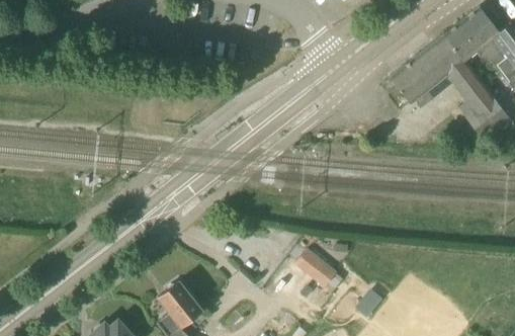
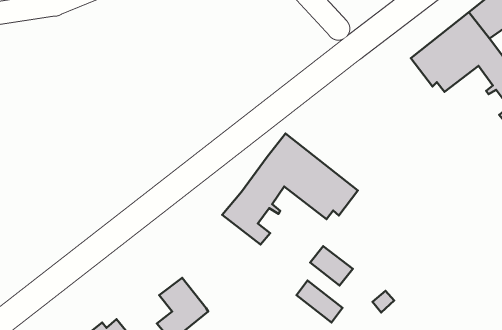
building: none -> [222,134,358,245]
building: none -> [296,280,343,323]

